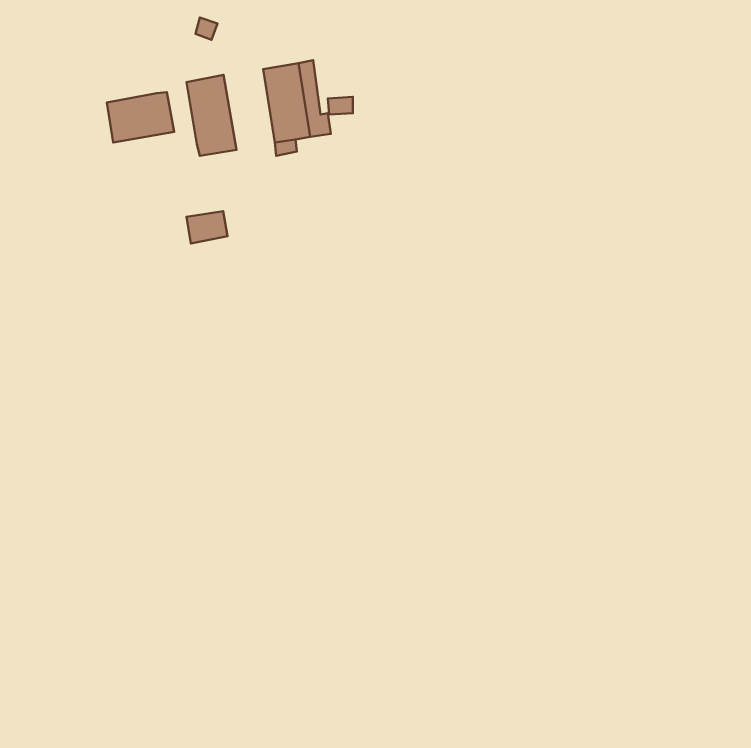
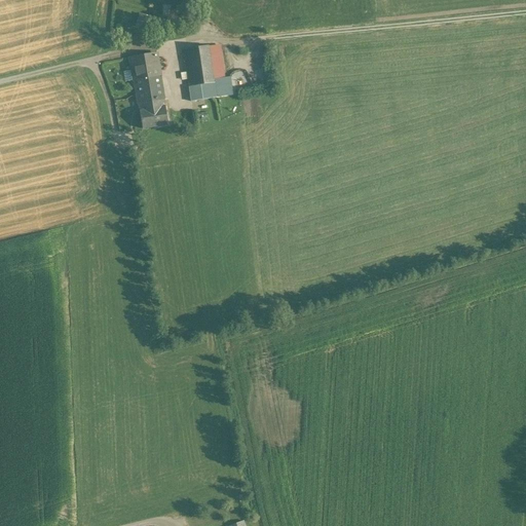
building: [107,92,174,142] -> none
building: [186,211,228,243] -> [140,105,168,127]

